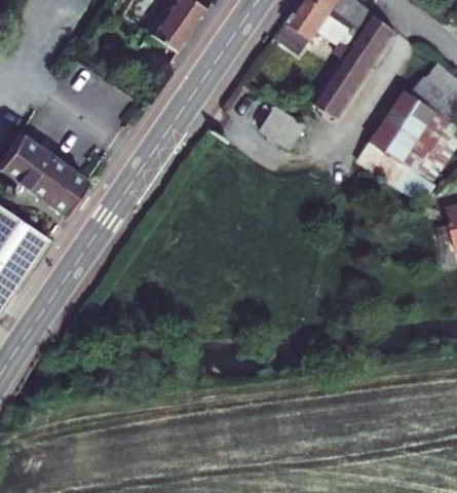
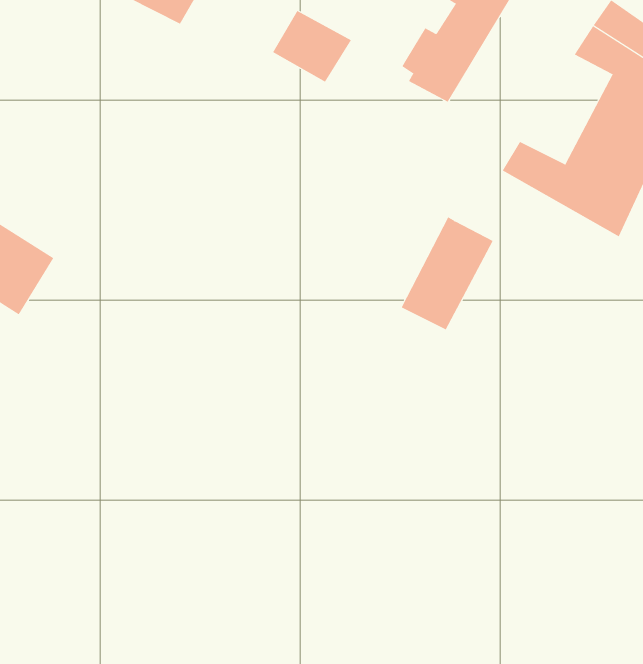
building: [373,91,432,159] -> [401,217,493,330]
building: [265,107,313,152] -> [272,10,352,83]

